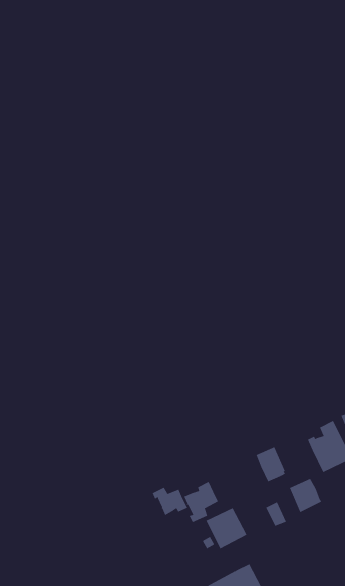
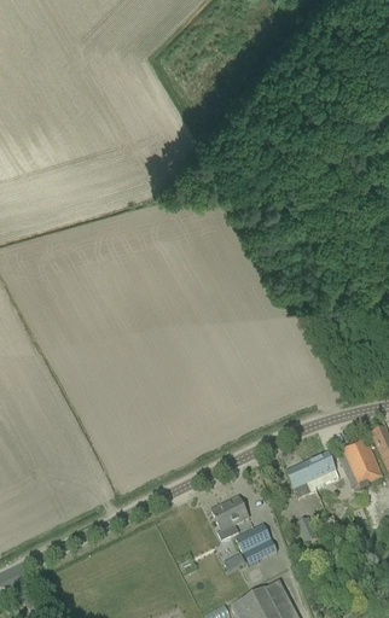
building: [289,478,322,513] -> [304,451,338,486]
building: [152,487,188,516] -> none

